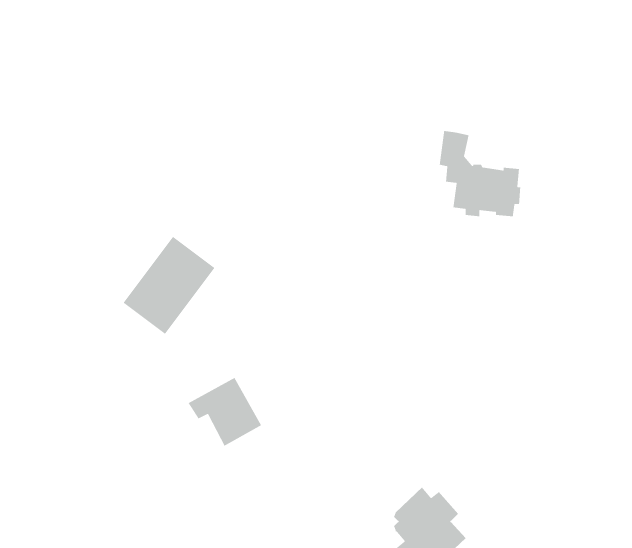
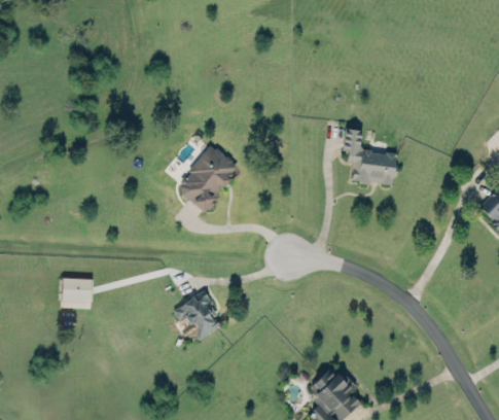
building: [123,236,216,335] -> [176,145,239,212]
building: none -> [61,278,91,309]

